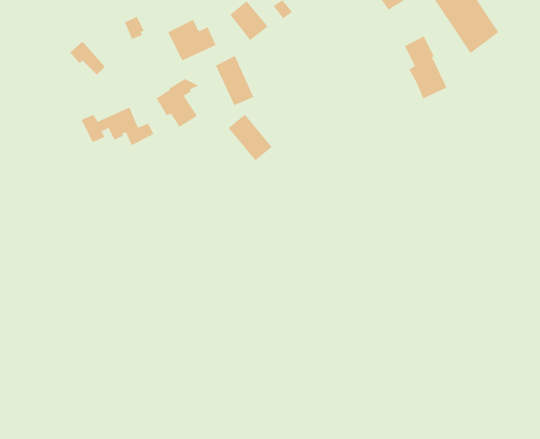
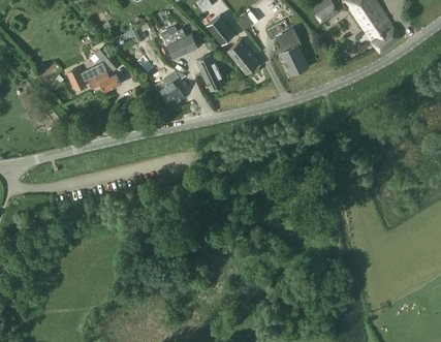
building: [404,36,447,99] -> [278,30,309,75]
building: [81,107,154,146] -> [68,64,121,92]
building: [228,114,272,161] -> [227,40,259,74]

